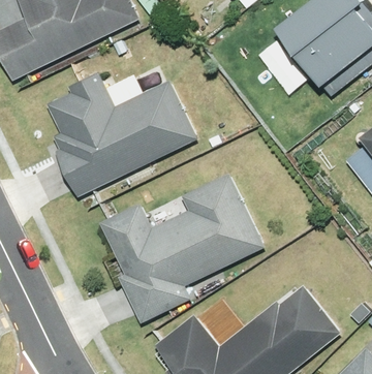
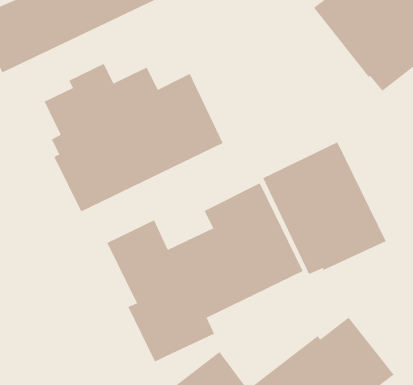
building: none -> [262,141,386,275]

